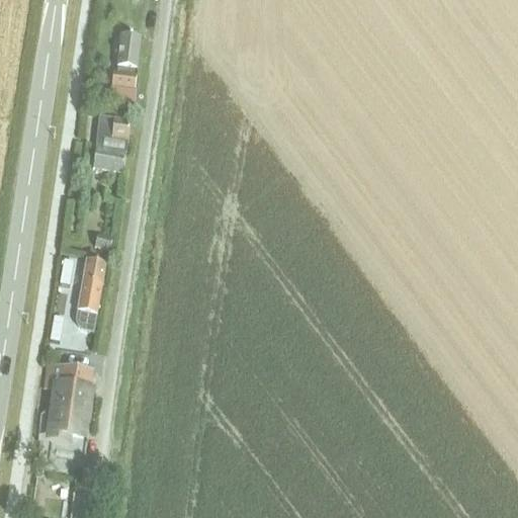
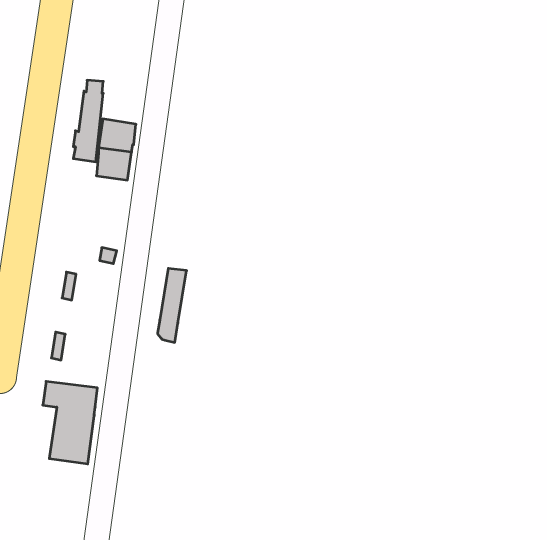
building: [111,23,140,100] -> [73,80,103,162]
building: [76,259,103,329] -> [158,268,187,342]

